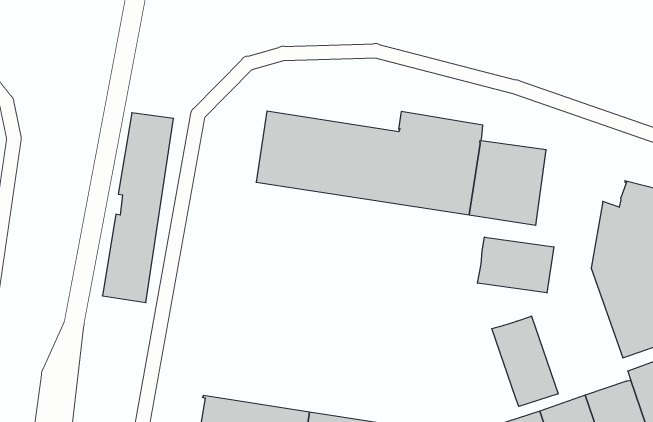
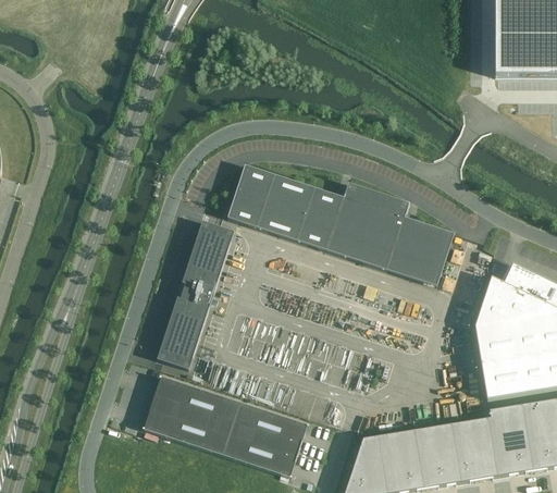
building: [102,113,174,303] -> [157,221,234,369]
building: [478,237,554,293] -> none
building: [492,316,558,406] -> none

